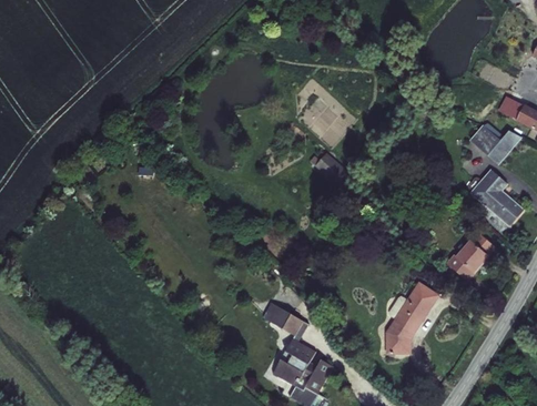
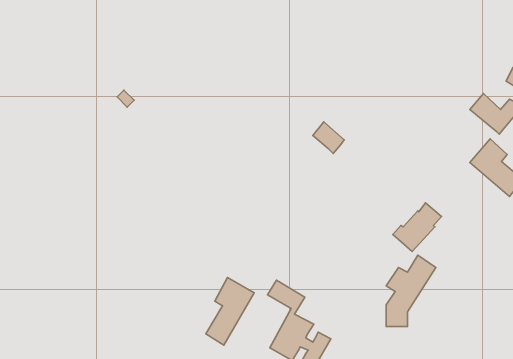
building: [447,233,495,281] -> [393,203,441,252]
building: none -> [206,277,254,345]

